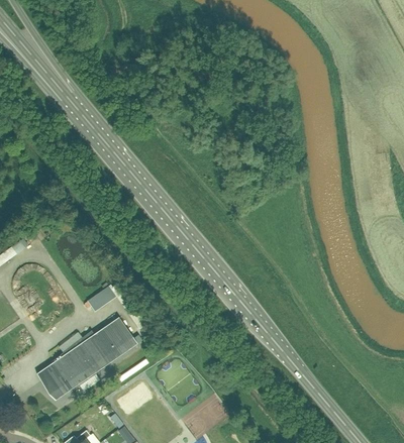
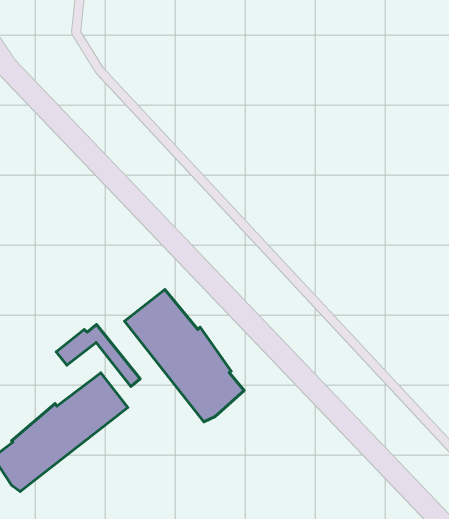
building: none -> [125,290,244,422]

